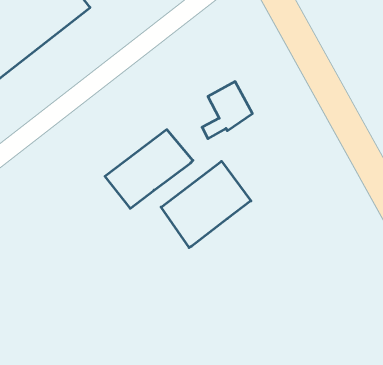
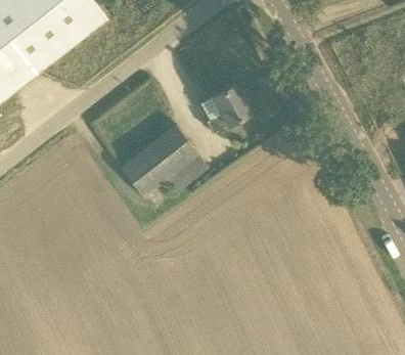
building: [161,161,251,248] -> none

